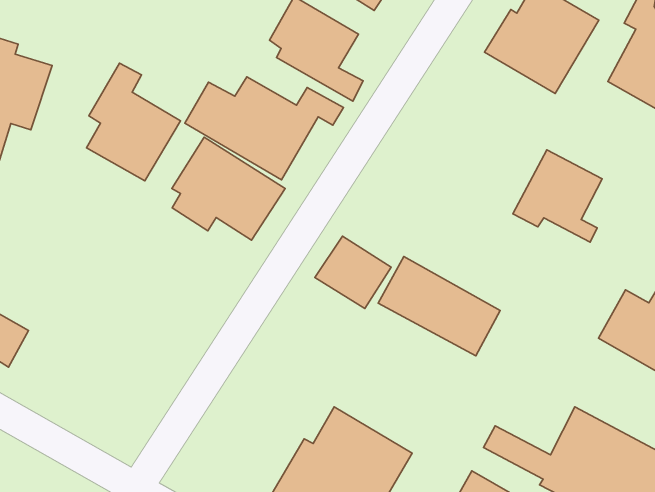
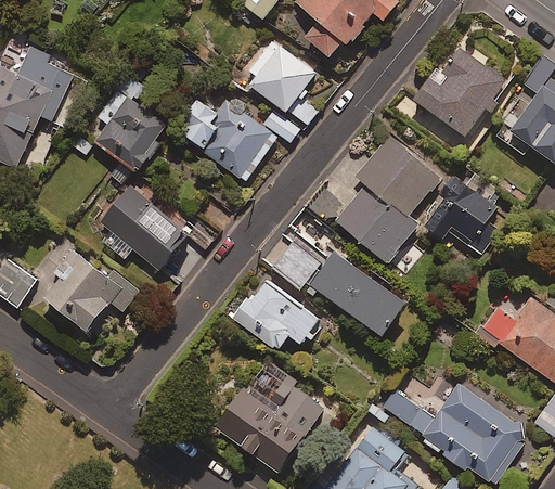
building: none -> [336,137,440,262]
building: [172,137,285,240] -> [99,185,189,270]
building: none -> [44,247,138,331]
building: none -> [235,280,318,350]

